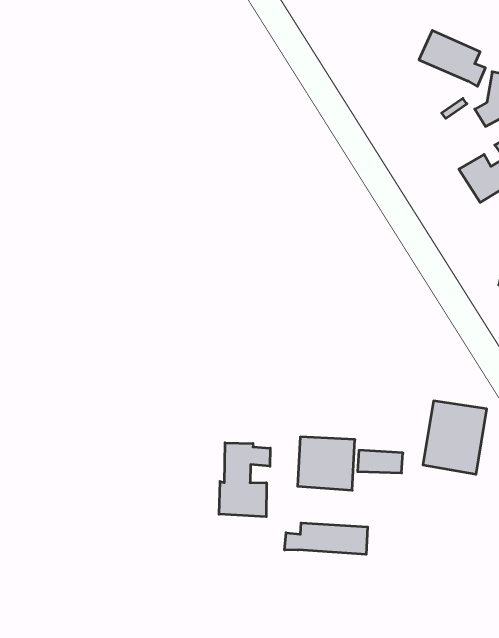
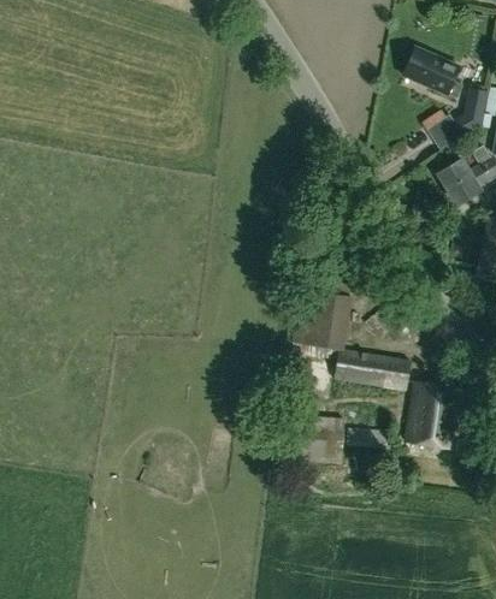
building: none -> [300,281,411,392]
building: [219,443,270,517] -> none
building: [285,523,368,554] -> none

